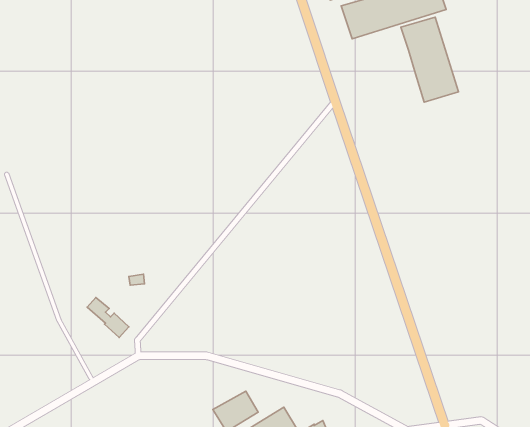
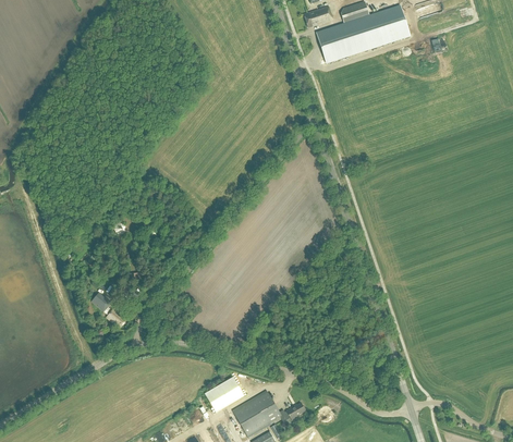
building: [401,17,459,102] -> none

